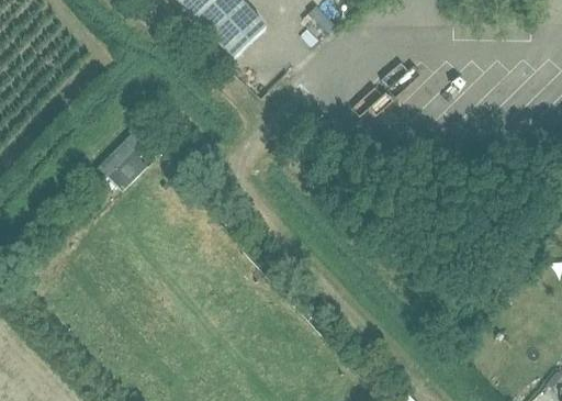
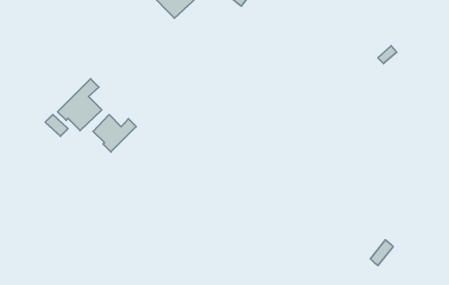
building: none -> [93,115,136,152]

